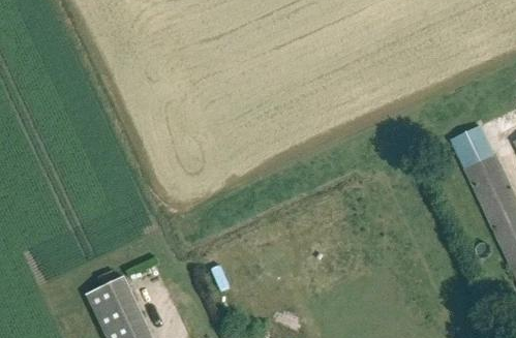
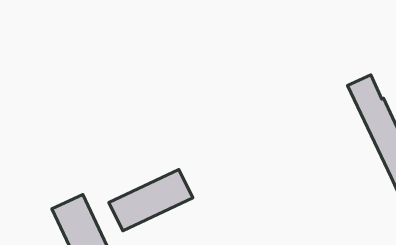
building: none -> [109,169,193,231]

